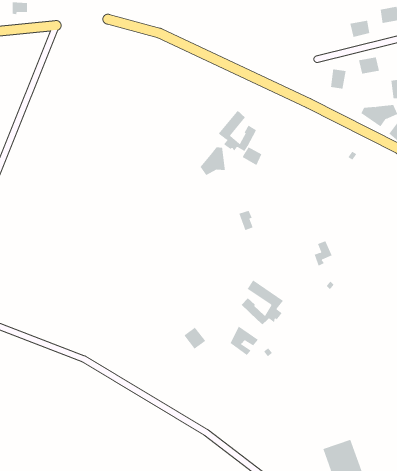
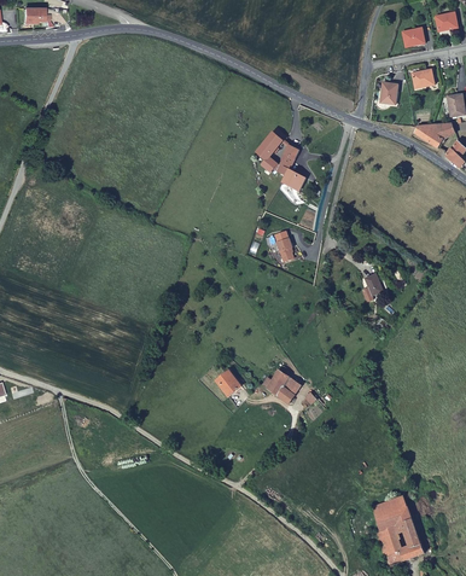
building: [200,146,226,176] -> none
building: [241,279,284,325] -> none

